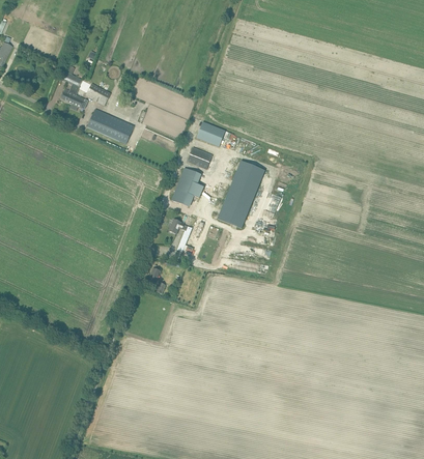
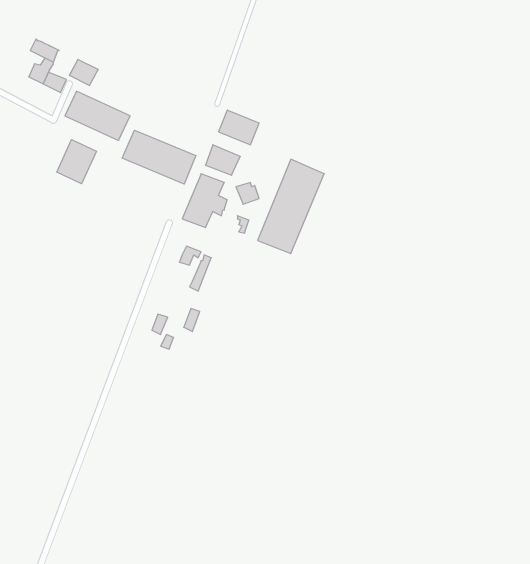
building: none -> [122,130,196,184]
building: none -> [57,140,97,184]

